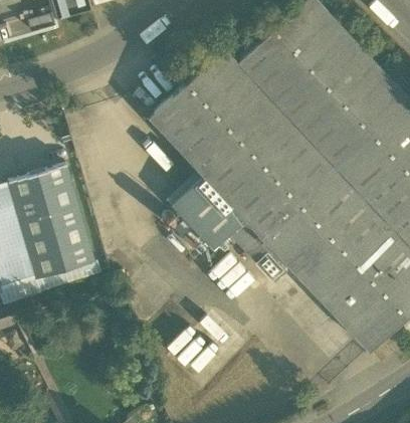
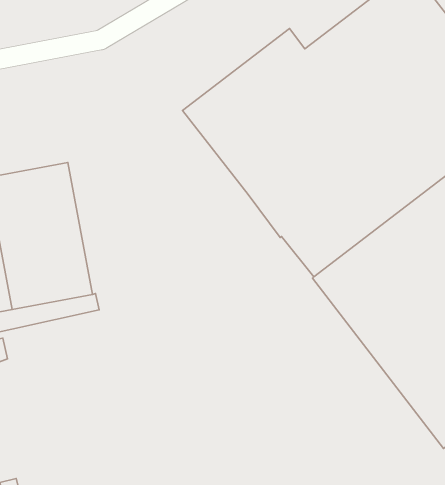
building: [171,175,286,277] -> none

